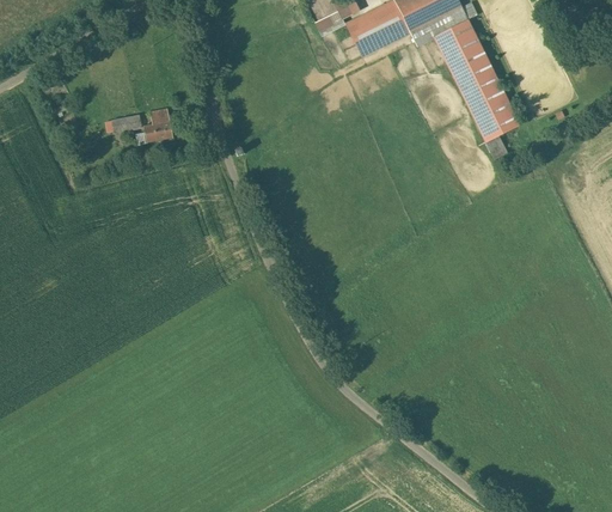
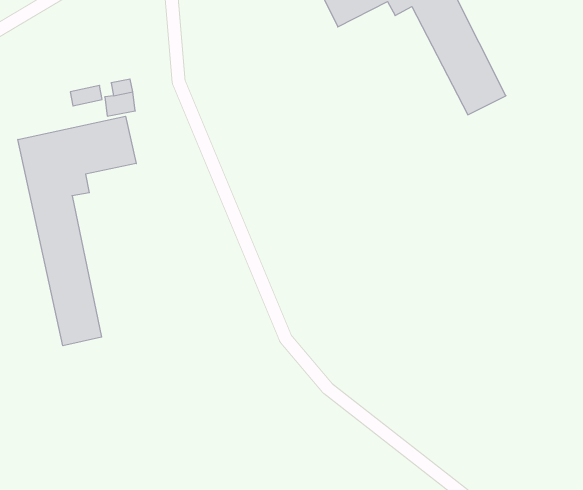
building: none -> [18,116,136,346]

